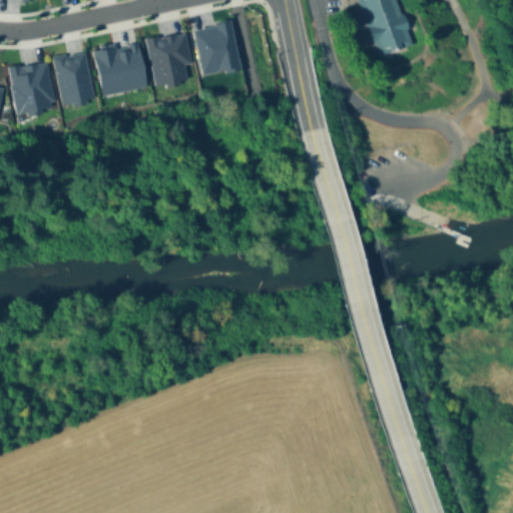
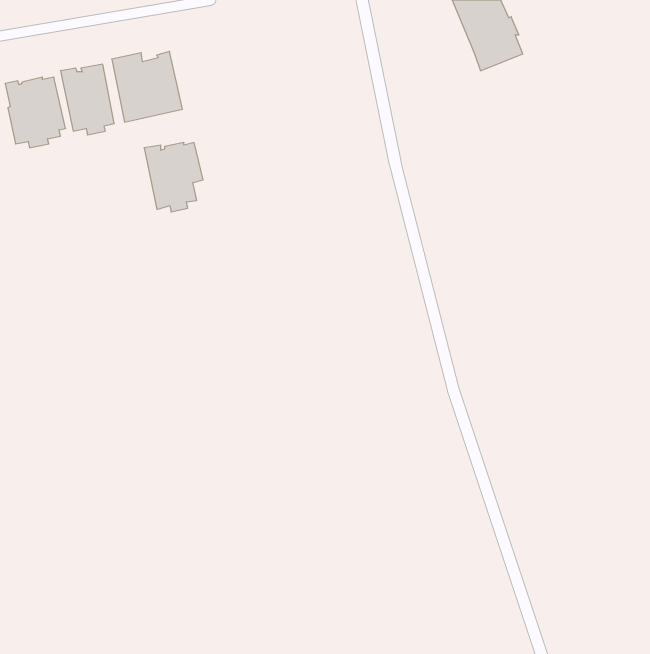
building: [193,21,241,75] -> none
building: [145,34,191,88] -> [144,143,203,212]

